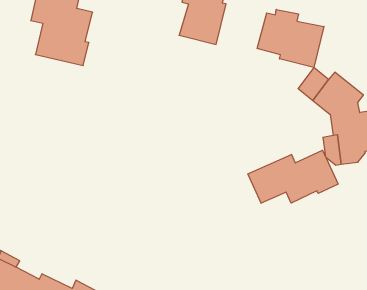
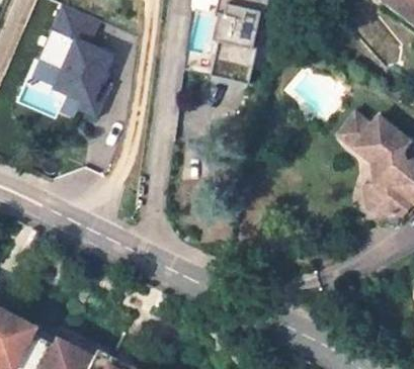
building: [257,9,324,67] -> none
building: [248,150,338,203] -> none

